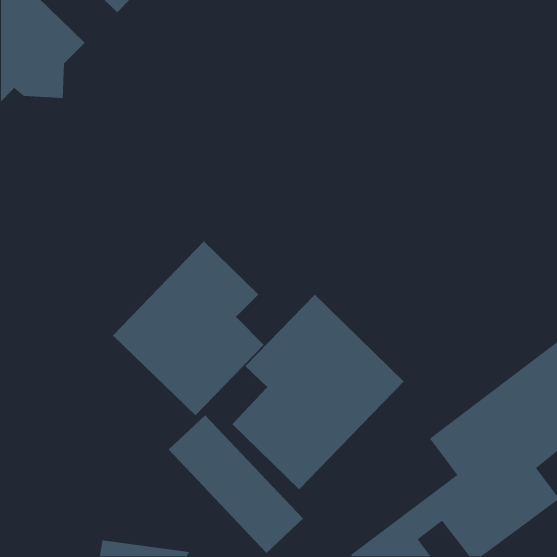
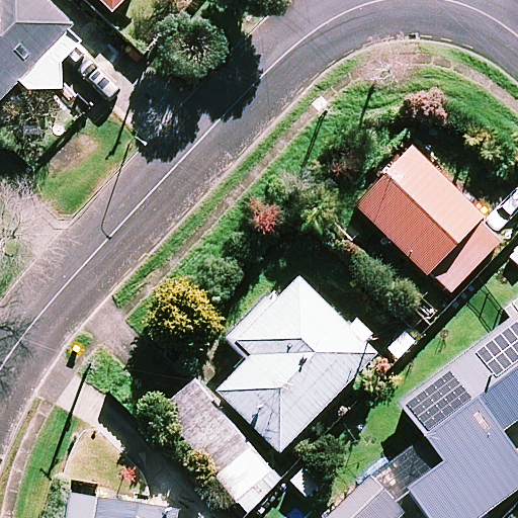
building: none -> [354,147,504,295]
building: [112,241,264,416] -> none

